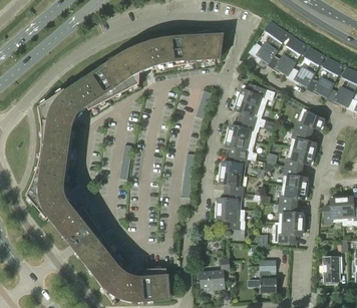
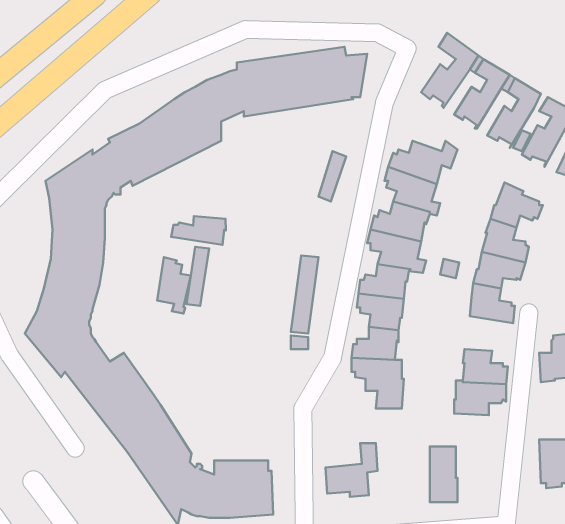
building: none -> [171,216,226,245]
building: none -> [157,257,191,314]
building: [280,185,308,205] -> none

